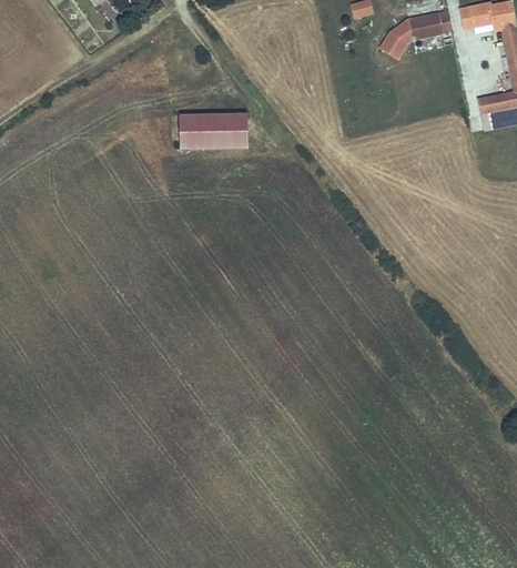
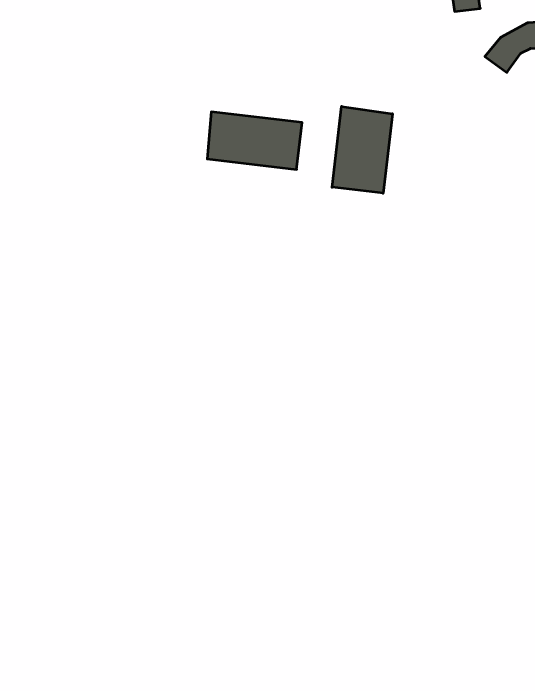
building: none -> [332,106,392,193]

